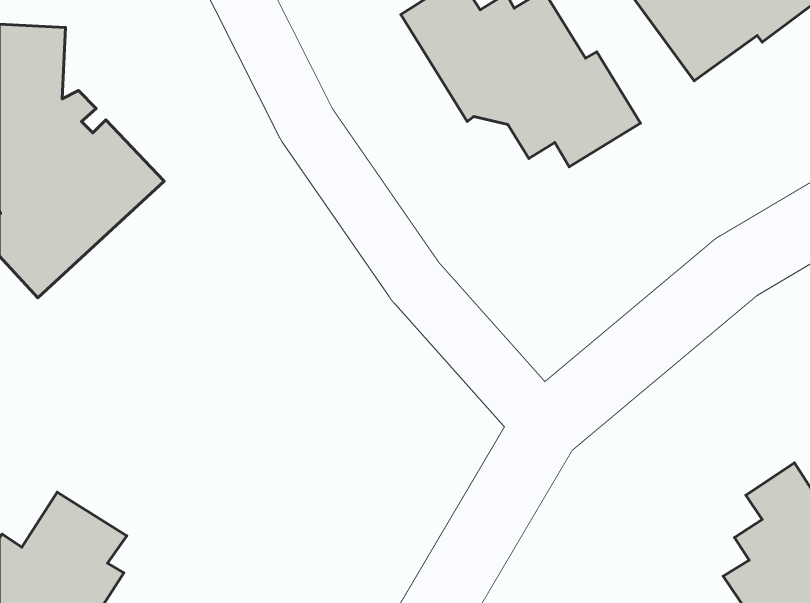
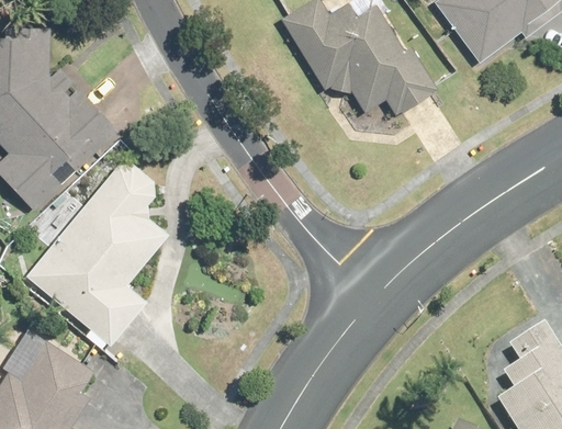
building: none -> [24,163,168,346]

